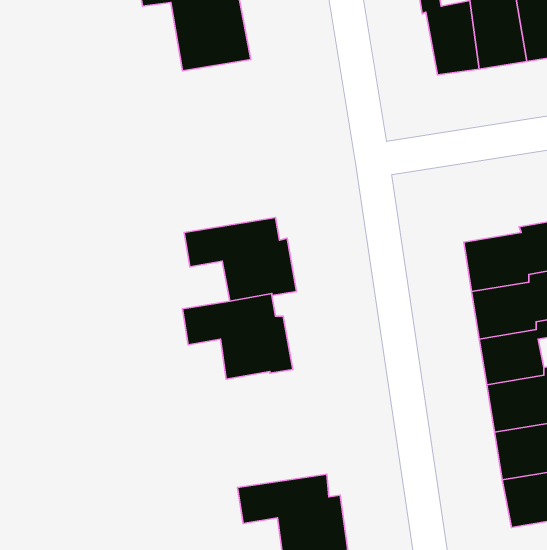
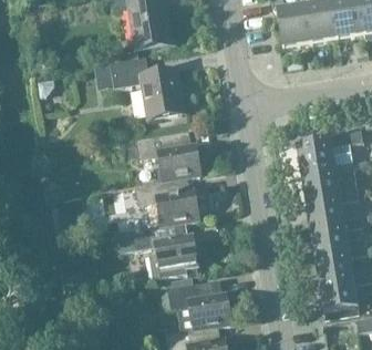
building: none -> [108,58,180,120]
building: none -> [115,220,196,278]

